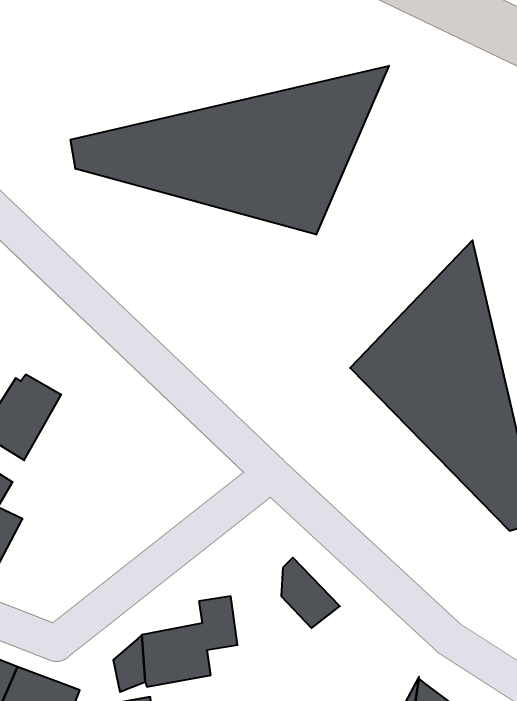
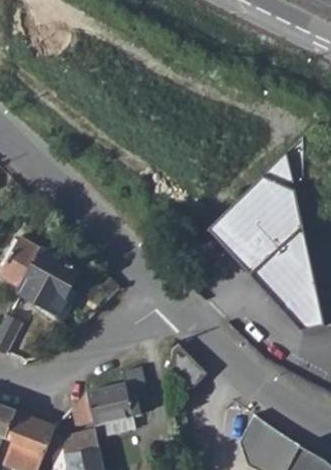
building: [71,66,389,235] -> none
building: none -> [19,248,80,315]

